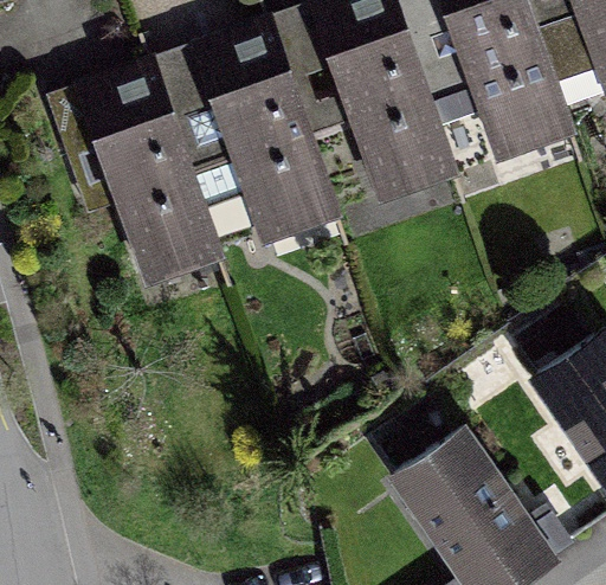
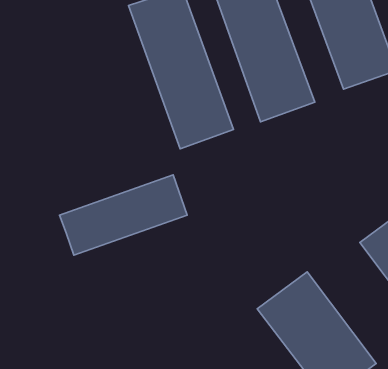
building: [76,56,227,290] -> none
building: none -> [60,175,187,255]

